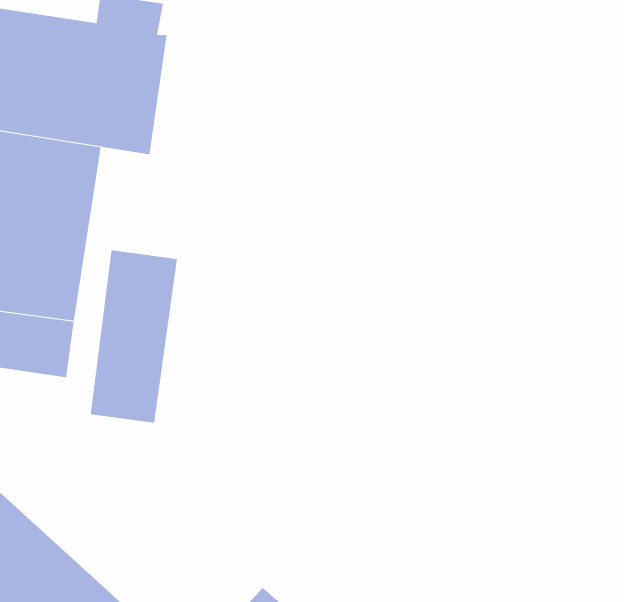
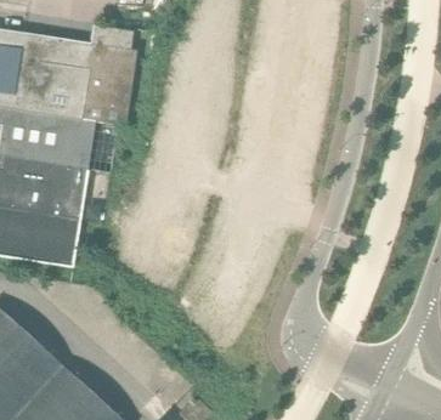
building: [90,249,178,424] -> none

